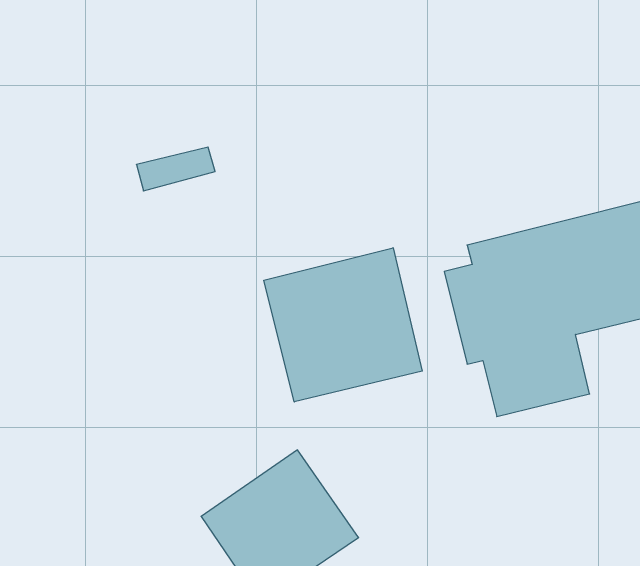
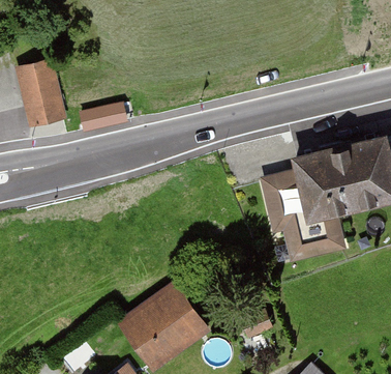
building: none -> [17,60,66,126]
building: [264,248,422,402] -> none

